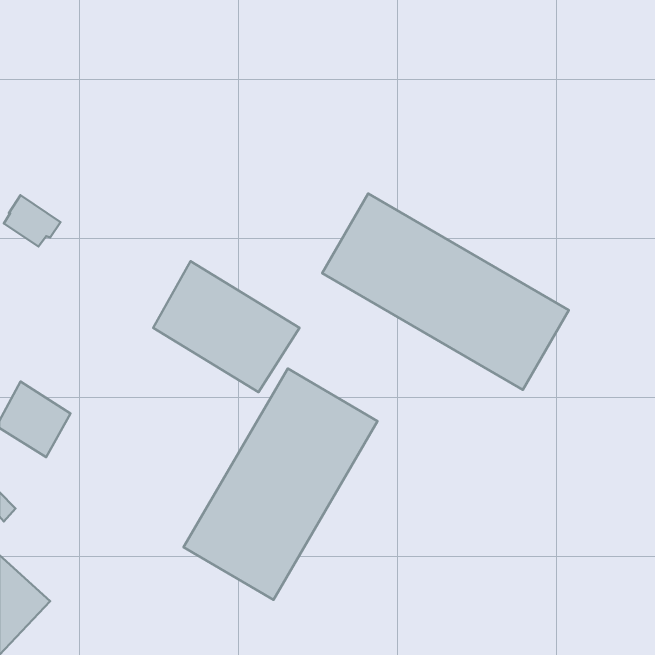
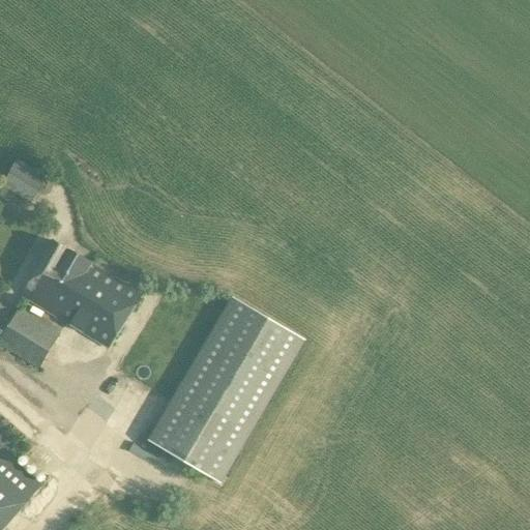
building: [322,193,569,390] -> none
building: [153,261,300,392] -> [22,240,140,346]

